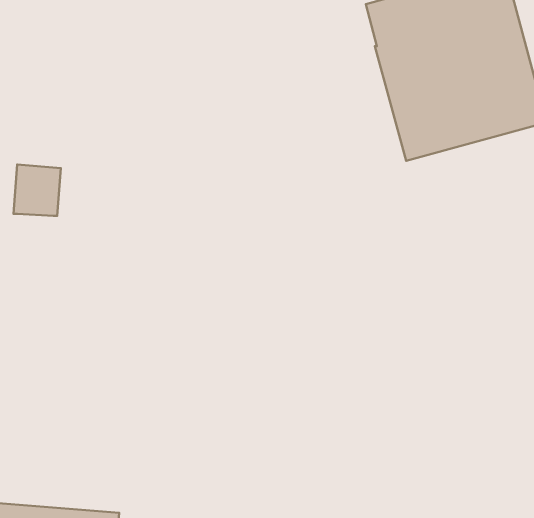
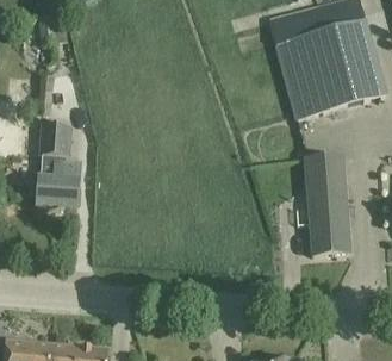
building: none -> [36,155,79,211]
building: none -> [305,156,348,255]

